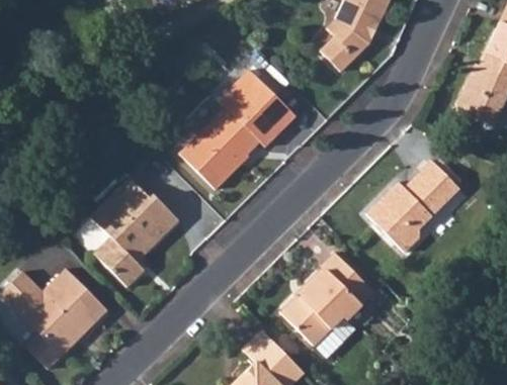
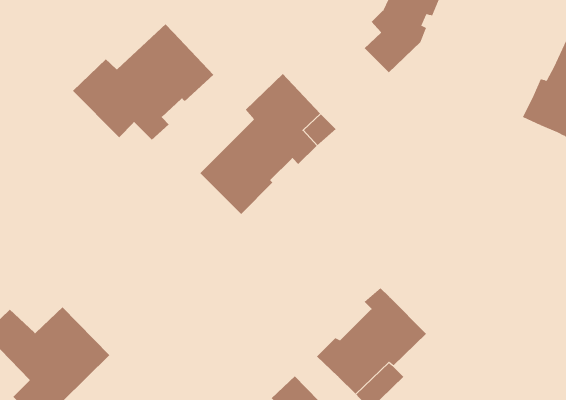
building: none -> [72,23,214,141]
building: [364,158,459,252] -> none
building: [93,180,179,285] -> none

